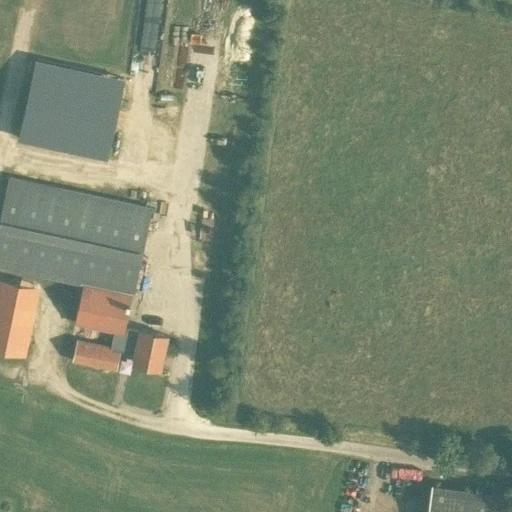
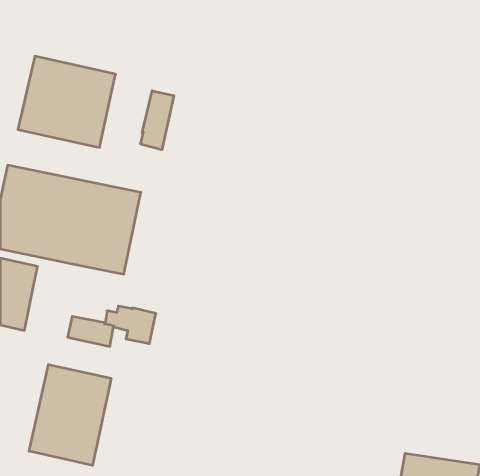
building: none -> [141,91,174,150]
building: [74,286,132,337] -> none
building: none -> [29,365,111,465]

